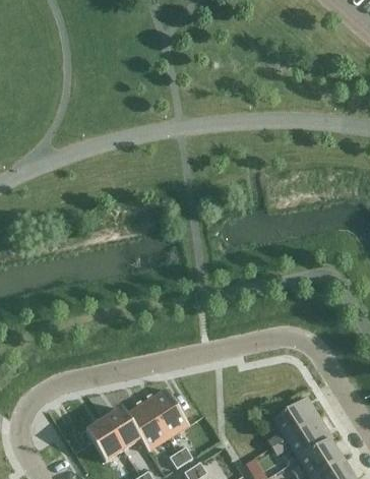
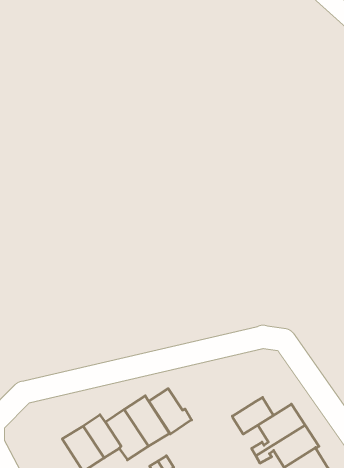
building: none -> [149,389,192,434]
building: none -> [232,397,273,434]

